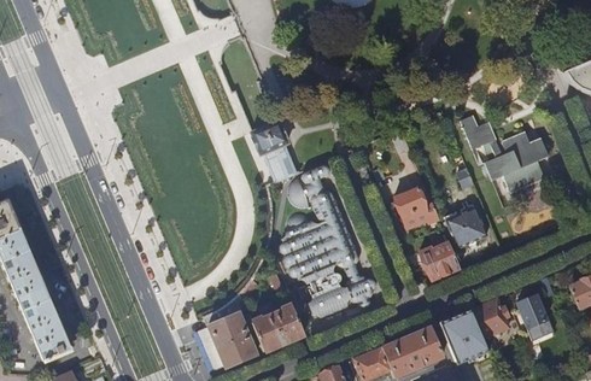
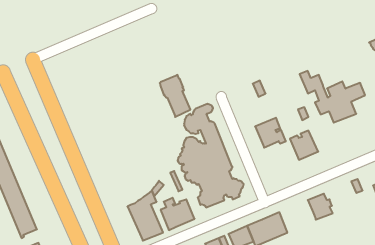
building: [421,242,461,281] -> none
building: [517,295,548,328] -> none
building: [440,307,490,361] -> none

